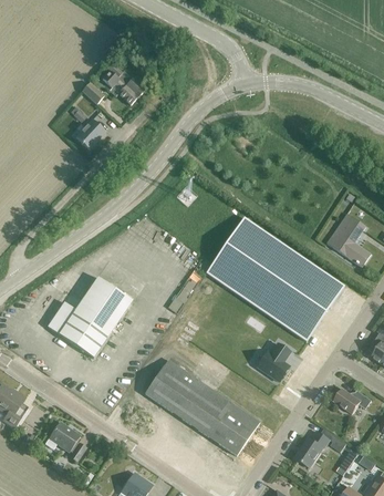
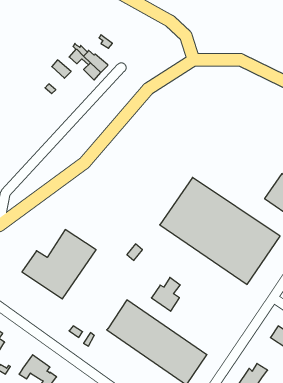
building: [75,120,105,149] -> none
building: [257,343,290,382] -> [151,277,180,311]

